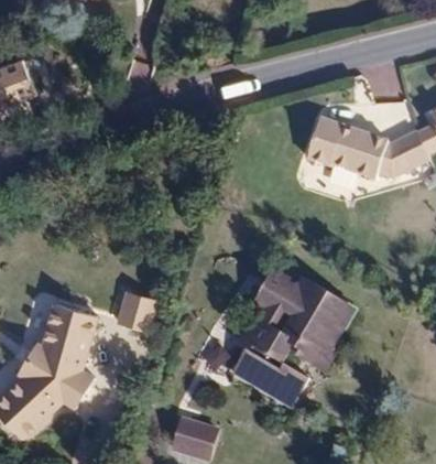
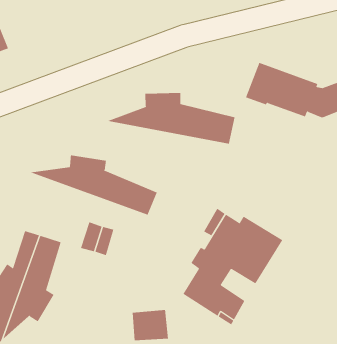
building: none -> [106,92,235,145]
building: none -> [29,155,157,215]

